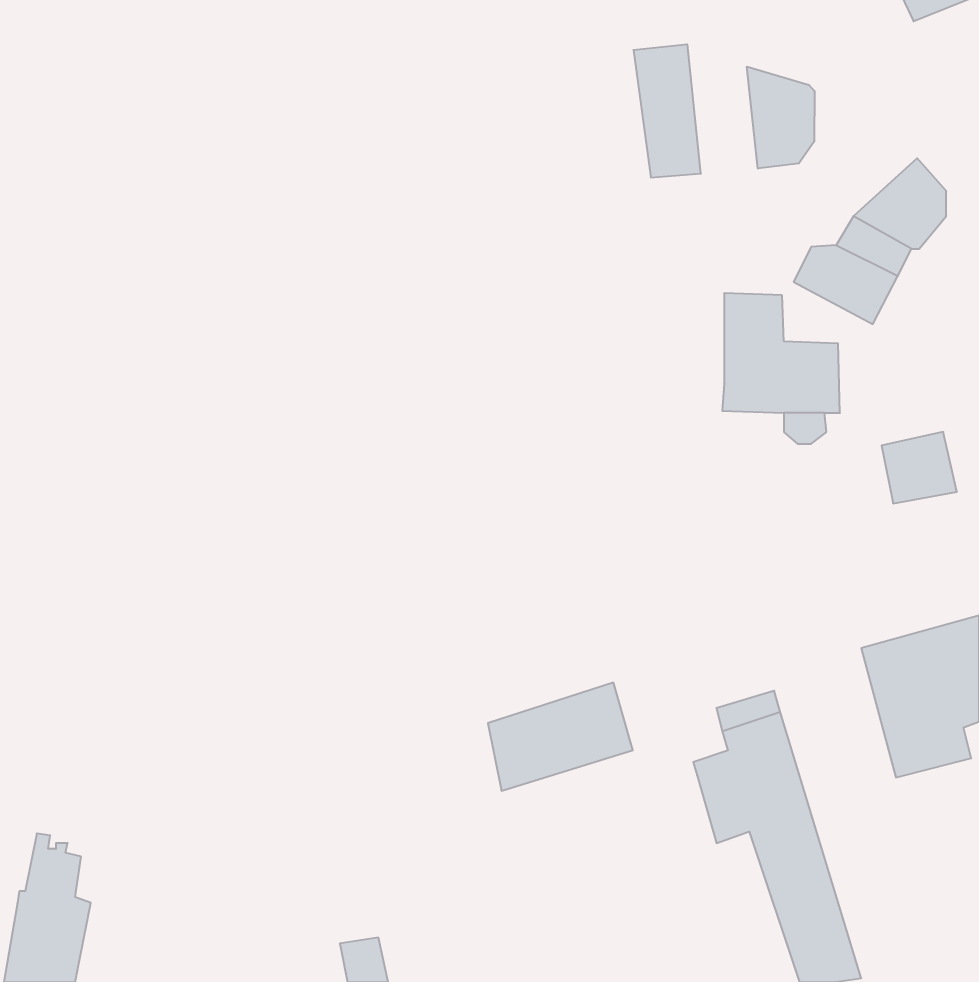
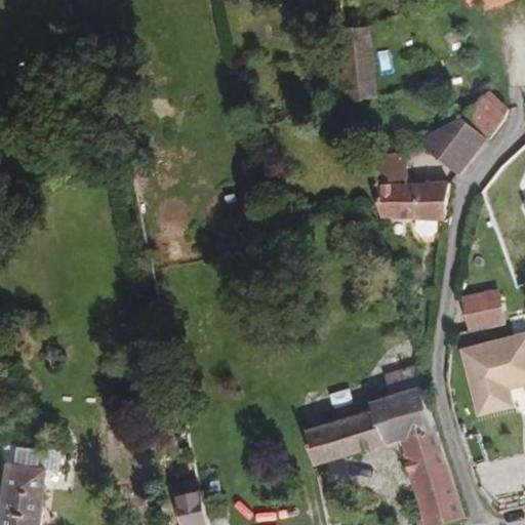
building: [747,67,815,169] -> none
building: [882,432,957,503] -> [467,292,507,330]
building: [488,683,633,791] -> [304,412,380,470]

